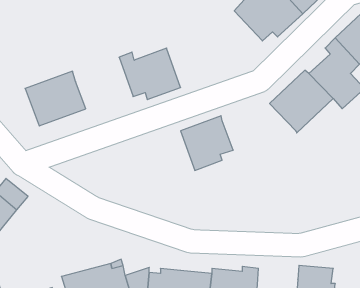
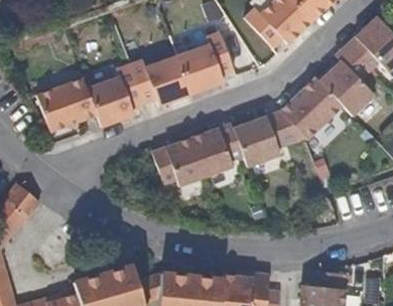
building: none -> [177,31,235,94]
building: none -> [87,63,144,127]
building: none -> [233,110,306,166]
building: none -> [151,137,206,186]

